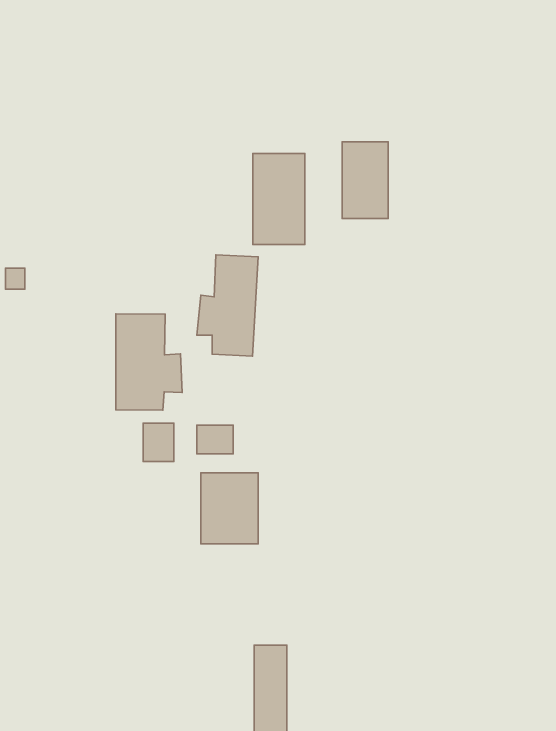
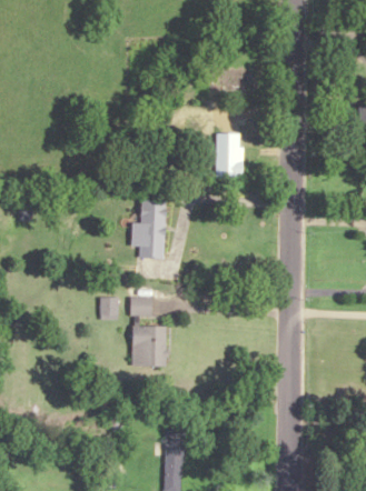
building: [253,153,305,245] -> none
building: [116,314,182,410] -> none

